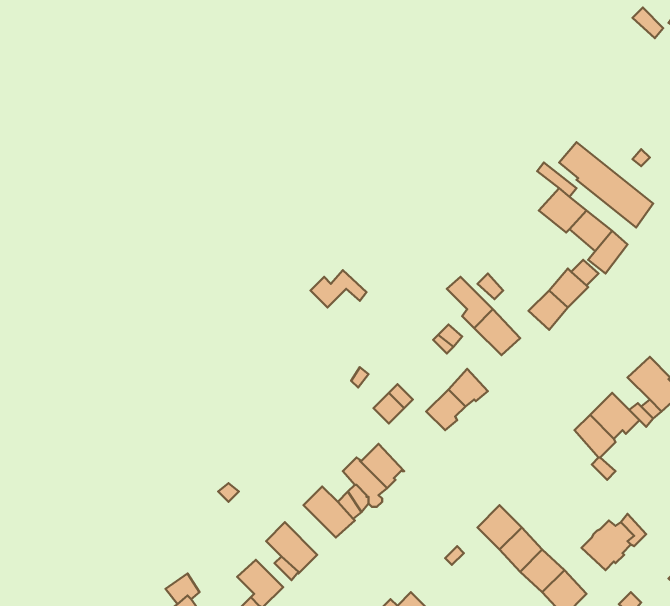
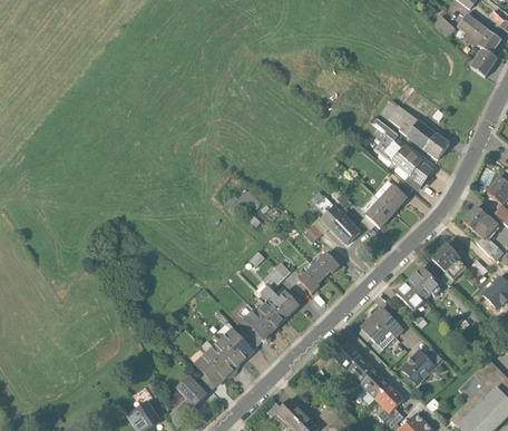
building: none -> [261,286,299,319]
building: none -> [361,307,403,349]
building: none -> [207,341,241,376]

